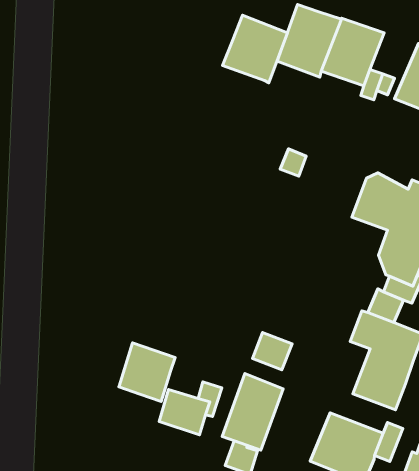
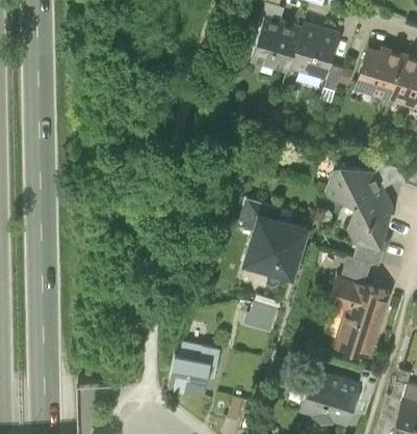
building: [222,15,287,83] -> none
building: none -> [244,212,308,275]
building: [119,343,175,402] -> none
building: [222,373,283,450] -> none

